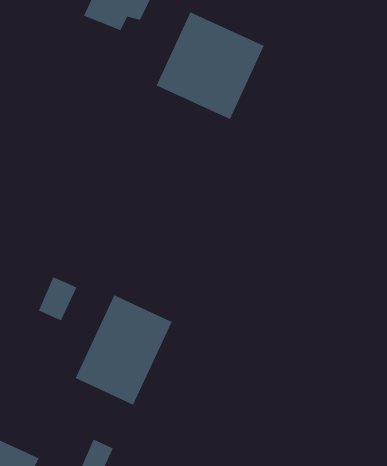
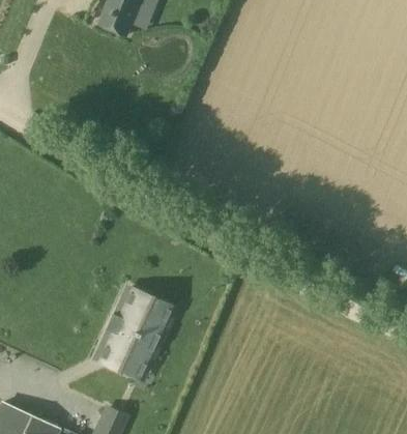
building: [156,12,265,120] -> none
building: [38,276,77,321] -> none

